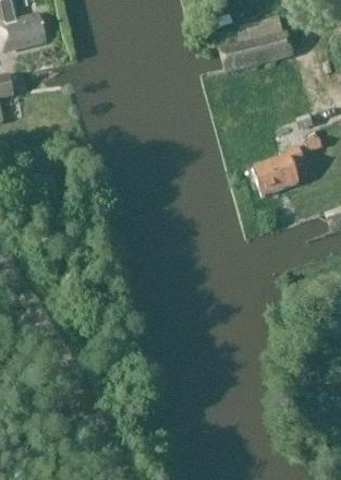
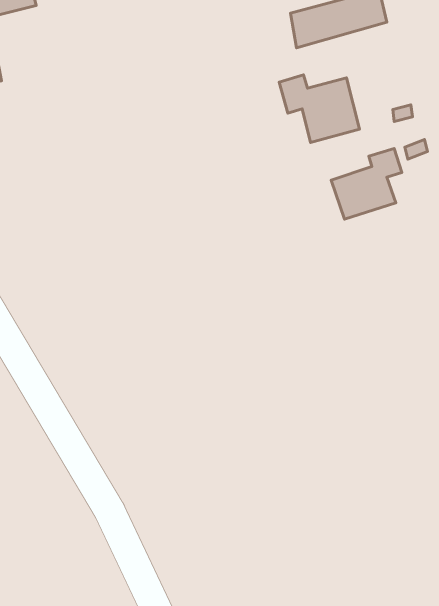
building: none -> [279,75,360,142]

